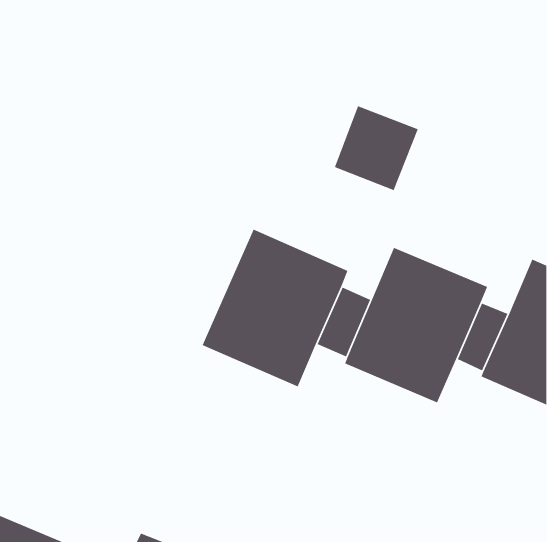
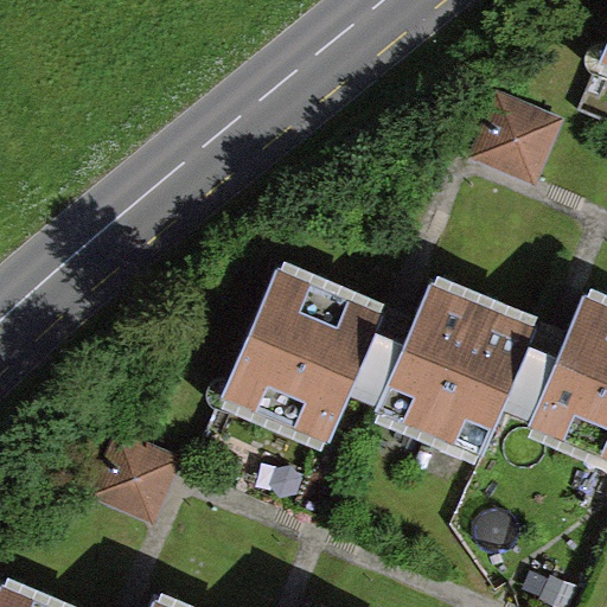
building: [334,105,419,191] -> [468,92,562,187]
building: none -> [88,432,184,525]

